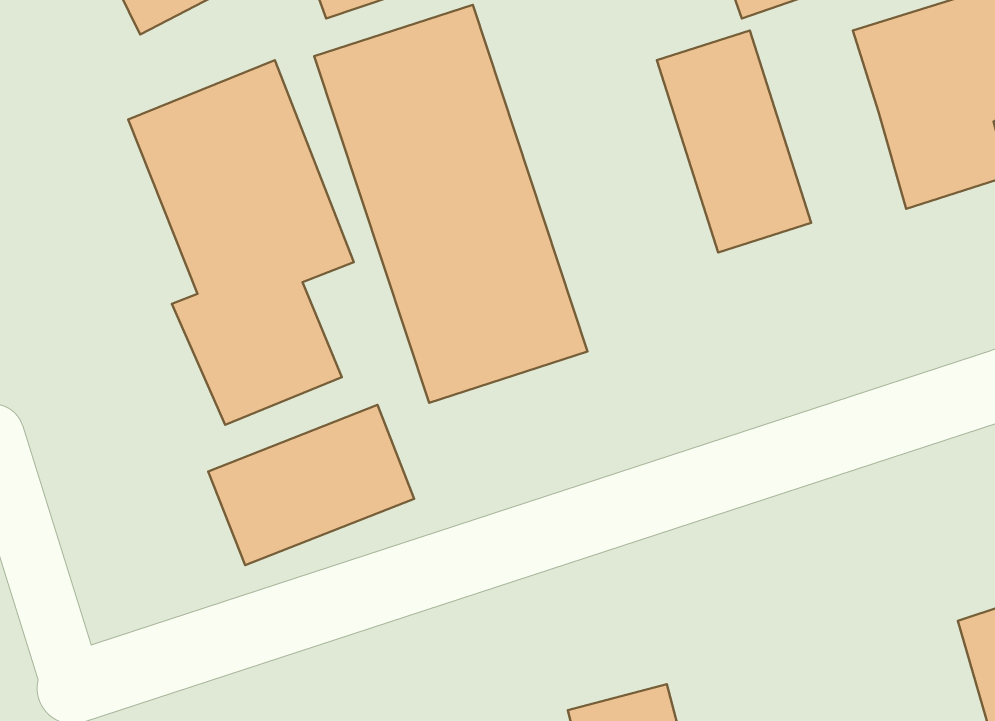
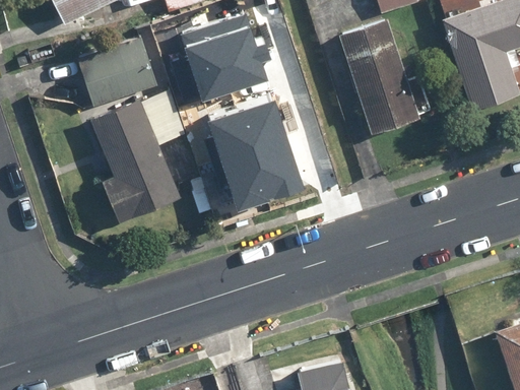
building: [208,405,414,565] -> none

